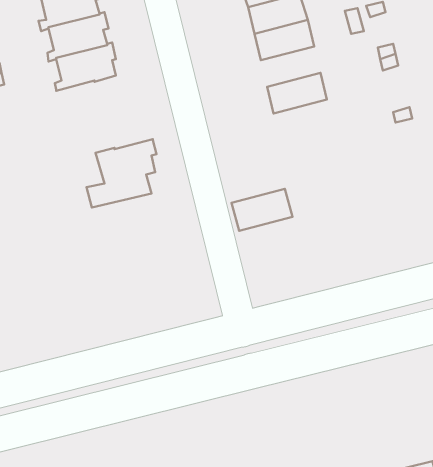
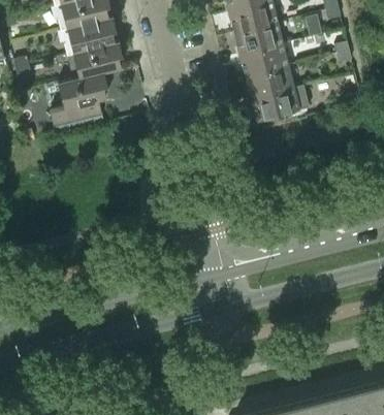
building: none -> [239,43,288,76]
building: [87,139,156,208] -> [51,71,107,127]
building: [231,189,292,231] -> [250,87,299,121]

